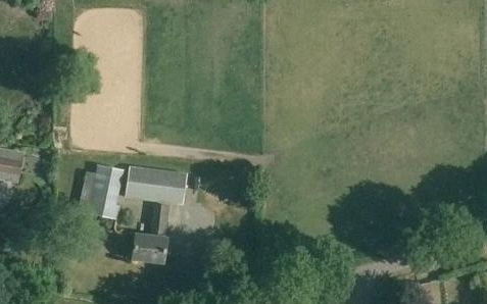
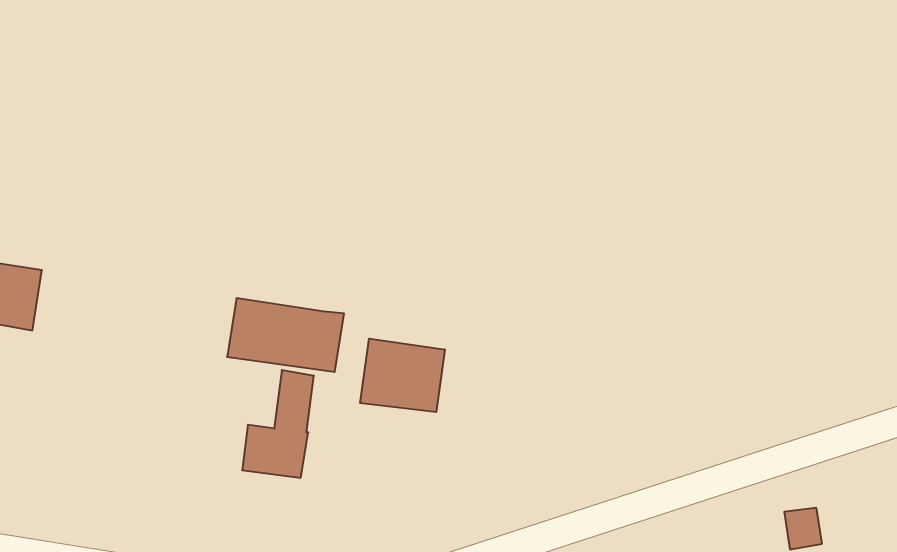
building: [86,163,124,219] -> none
building: none -> [360,339,445,412]

